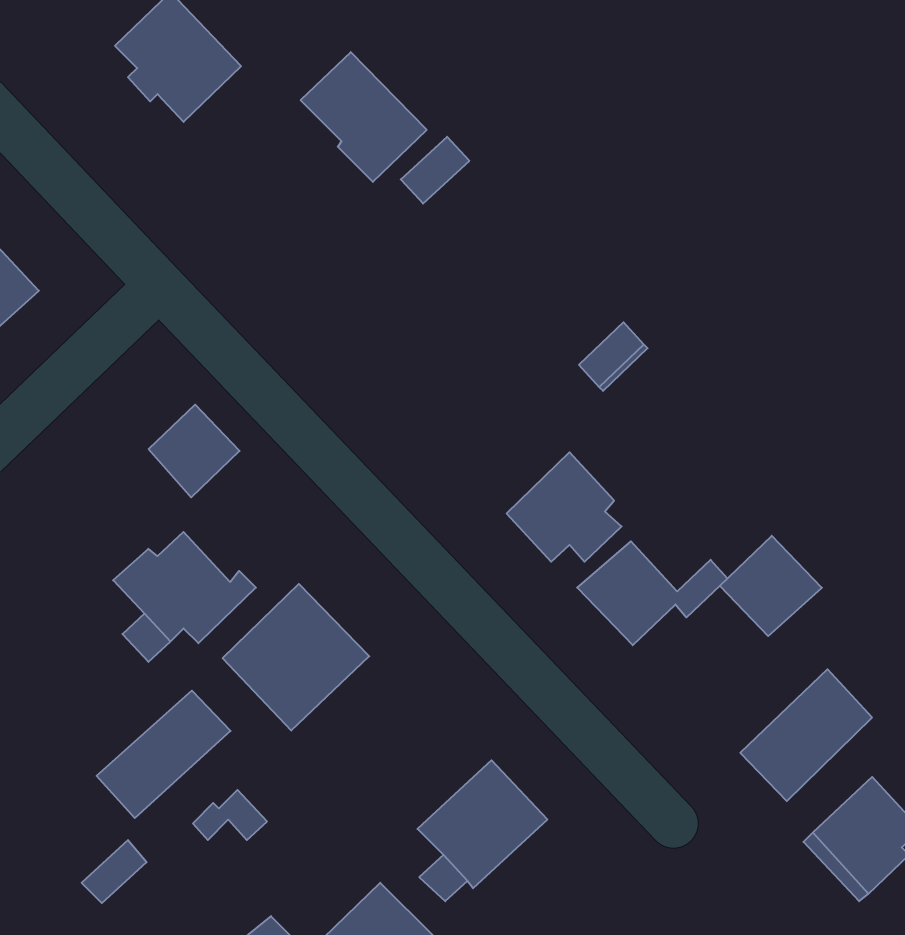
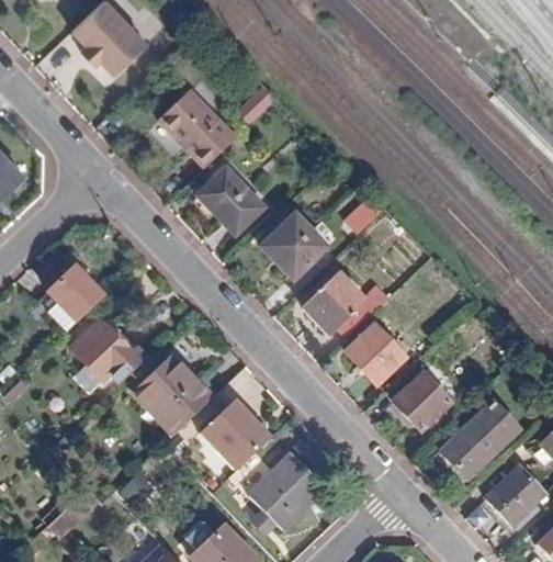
building: [301,52,427,182] -> [160,90,235,167]
building: none -> [194,164,264,235]
building: none -> [259,212,326,279]
building: [149,405,240,497] -> [48,267,102,322]
building: [720,536,822,636] -> [391,371,451,430]
building: none -> [202,400,271,469]
building: [97,691,231,818] -> none

